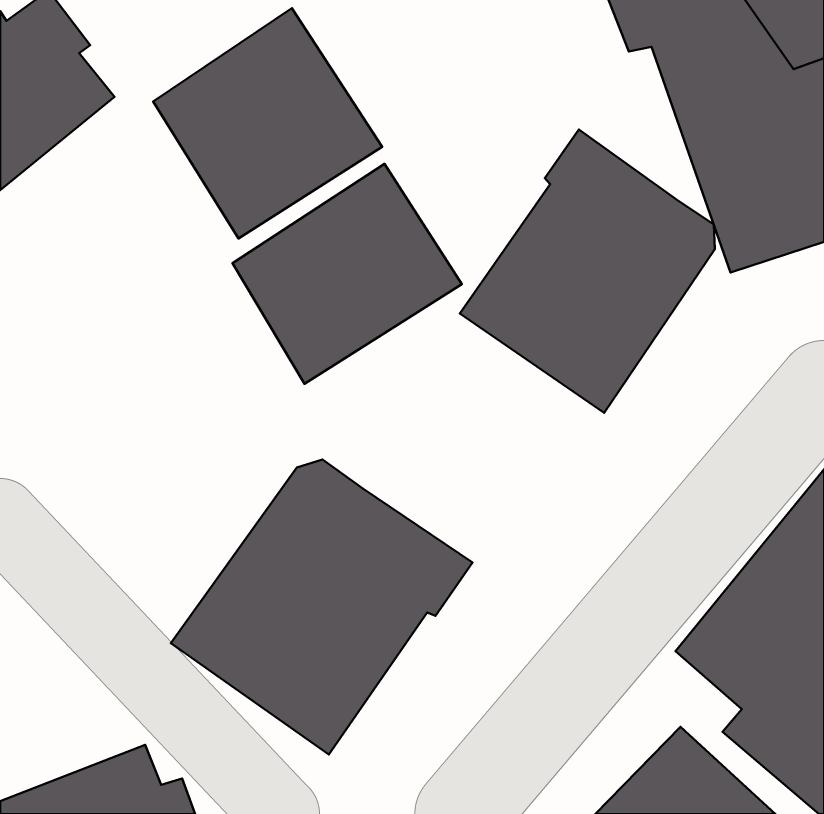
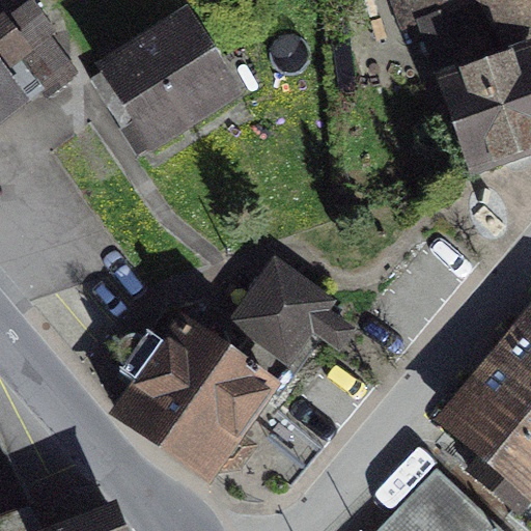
building: [460,130,715,413] -> none
building: [232,164,462,384] -> none
building: none -> [233,253,357,362]

